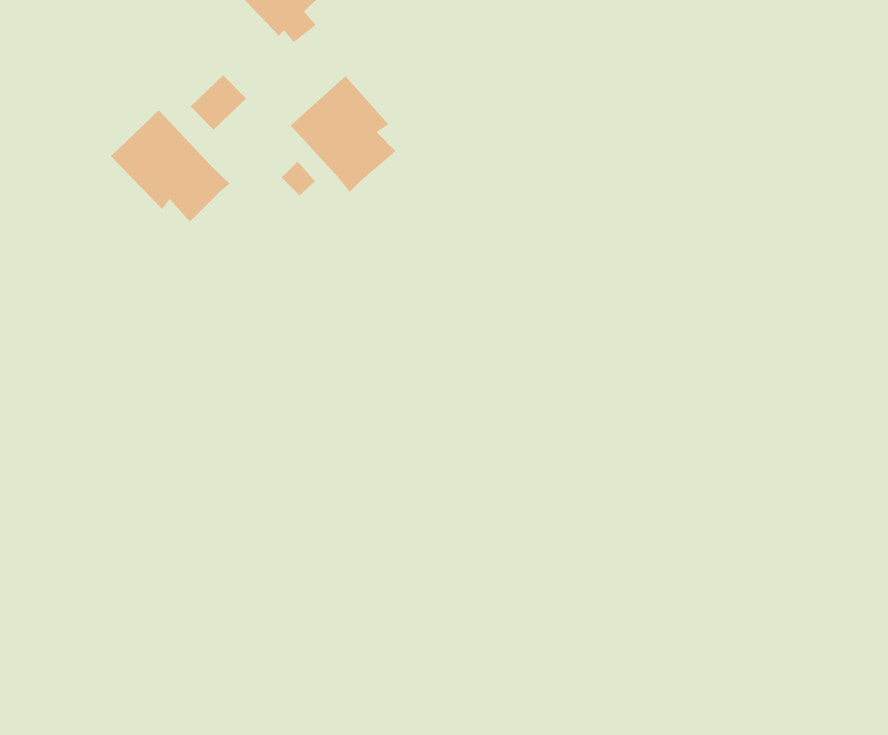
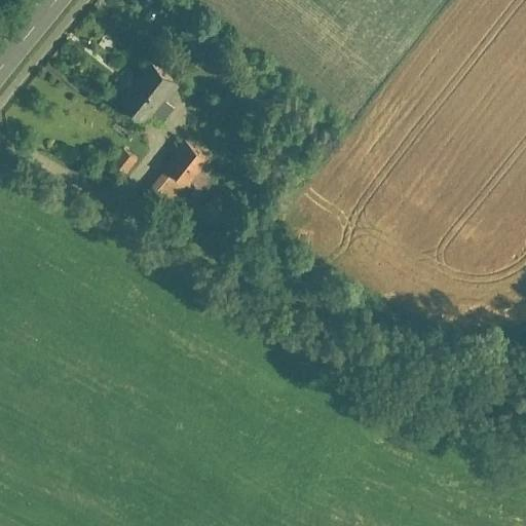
building: [110,110,230,223] -> none

